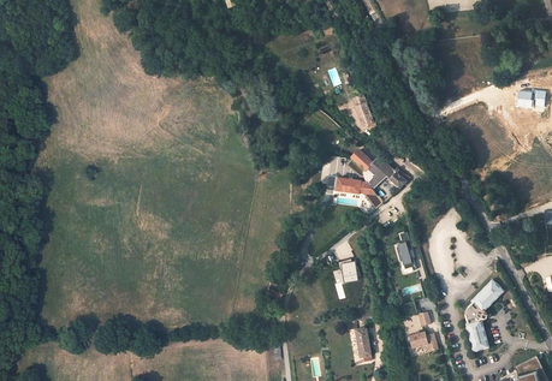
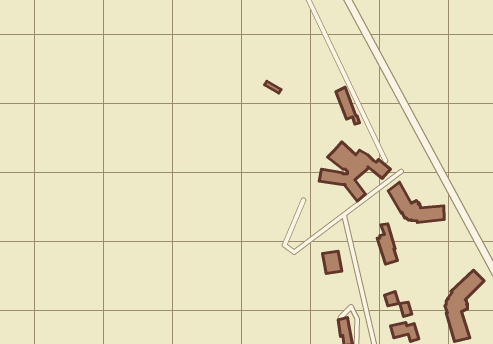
building: none -> [388,182,444,222]

